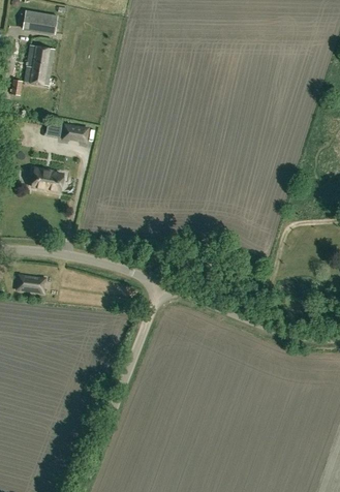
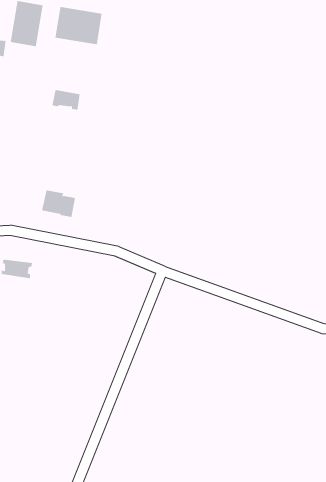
building: none -> [55,6,102,45]
building: [30,167,61,192] -> [41,190,76,217]

